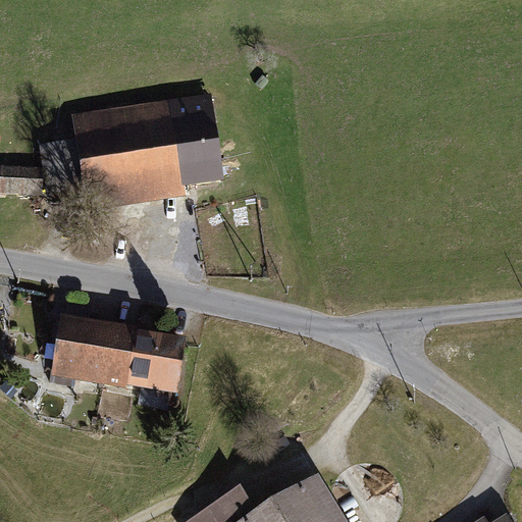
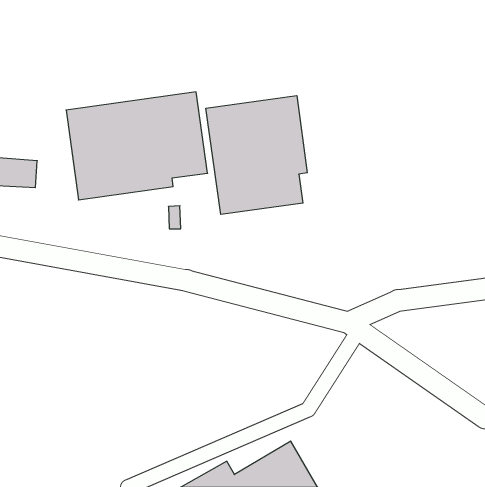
building: none -> [206,96,307,214]
building: [51,315,185,394] -> none

